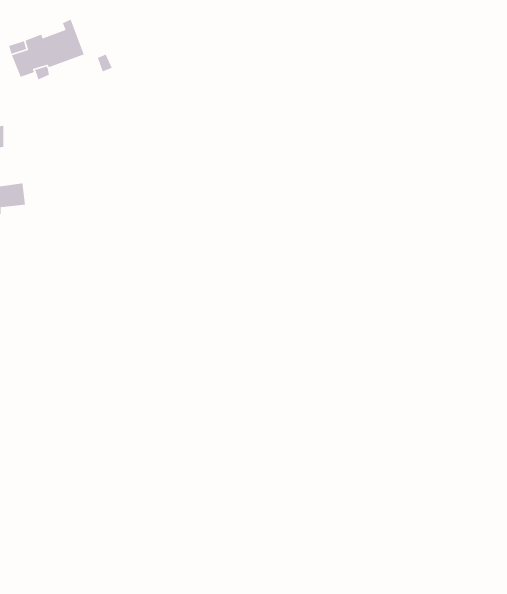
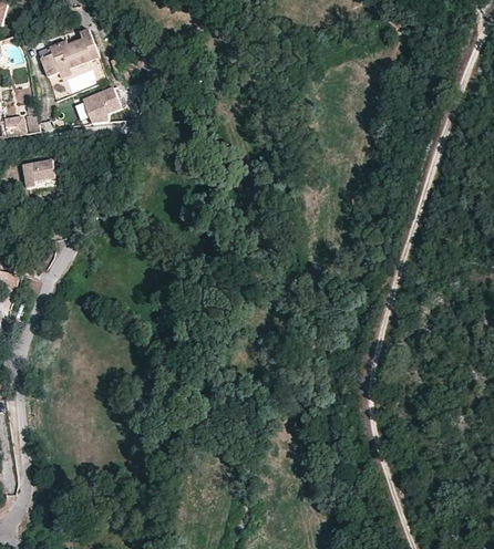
building: none -> [75,89,113,125]

